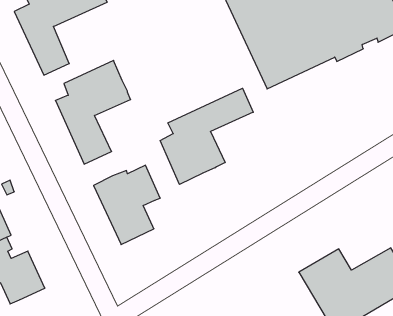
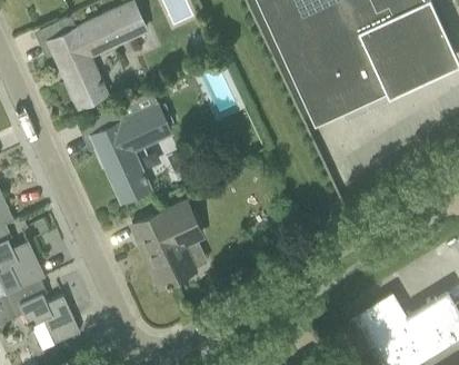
building: [160,88,253,184] -> none

